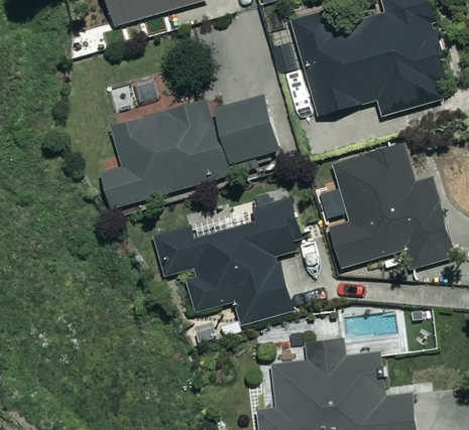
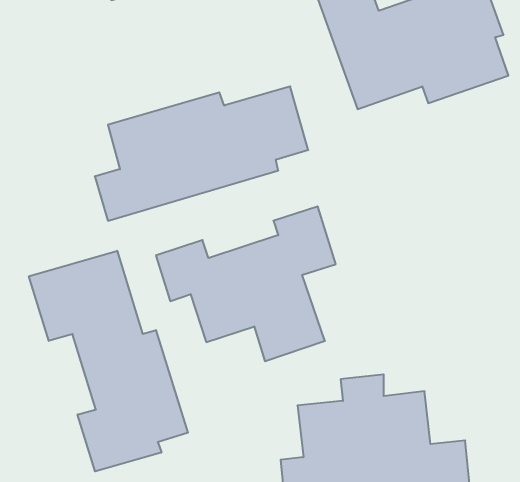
building: [329,144,453,267] -> none
building: none -> [29,251,188,471]

